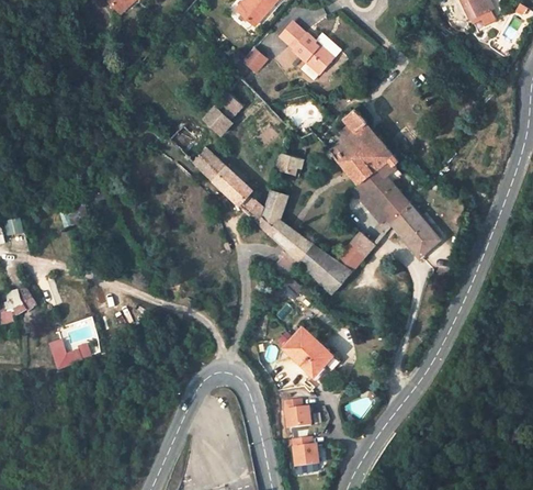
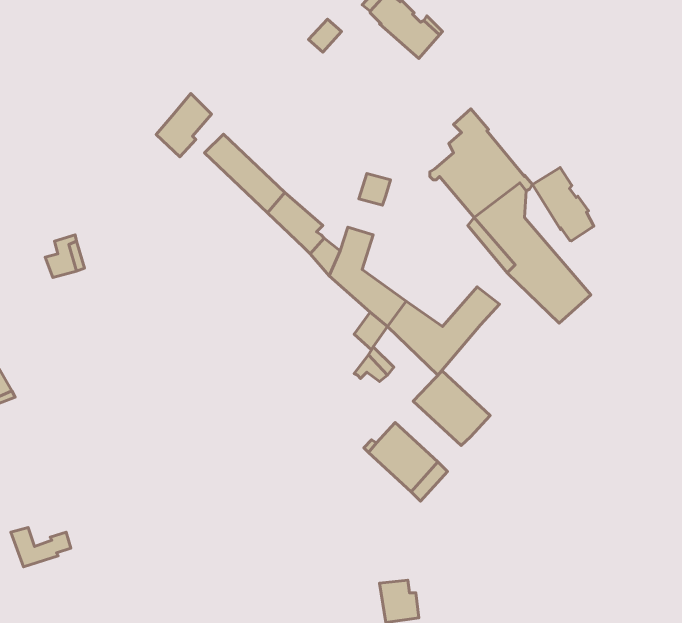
building: [204,90,242,134] -> [156,94,211,157]
building: none -> [533,168,594,241]
building: none -> [413,371,490,446]
building: [48,341,90,368] -> [11,528,71,567]
building: [284,399,310,427] -> none

